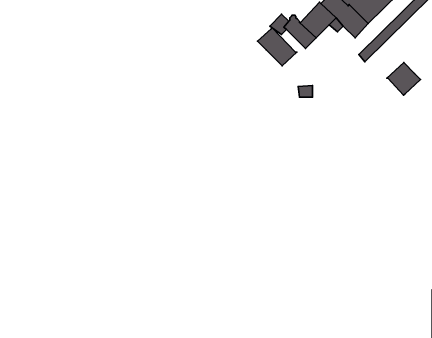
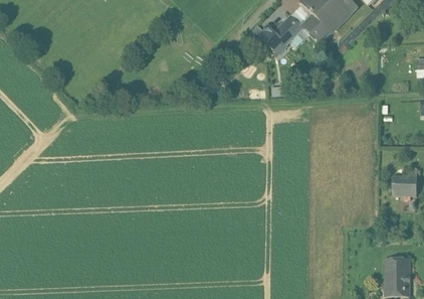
building: [257,28,297,66] -> none
building: [387,63,420,95] -> none

